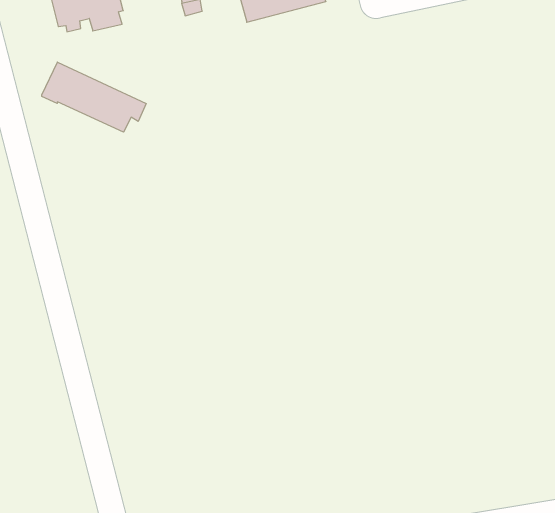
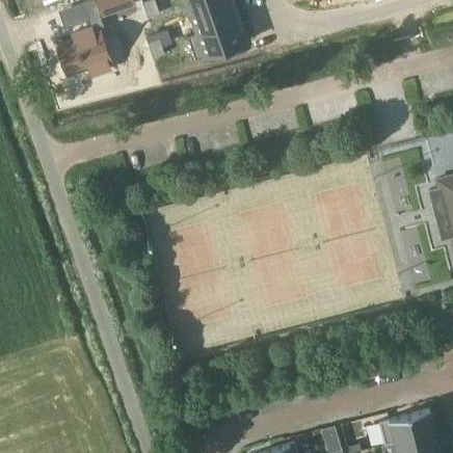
building: [42,62,146,132] -> none

